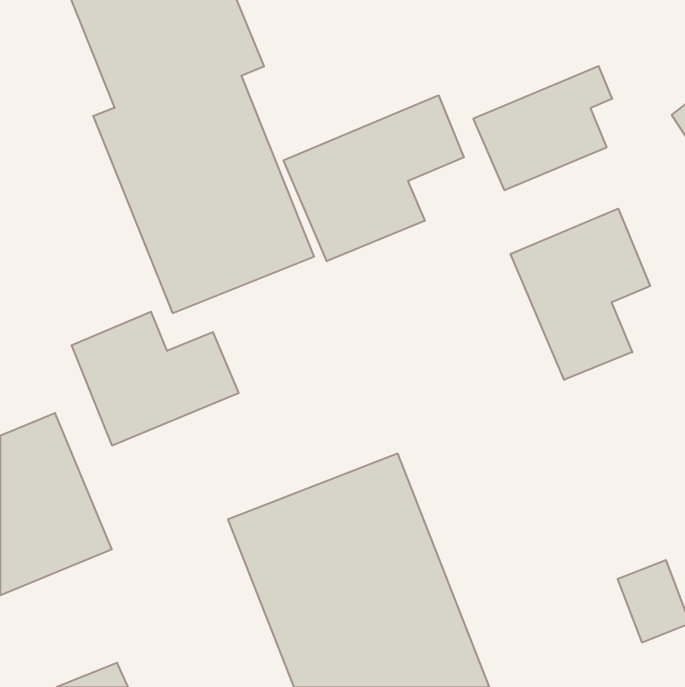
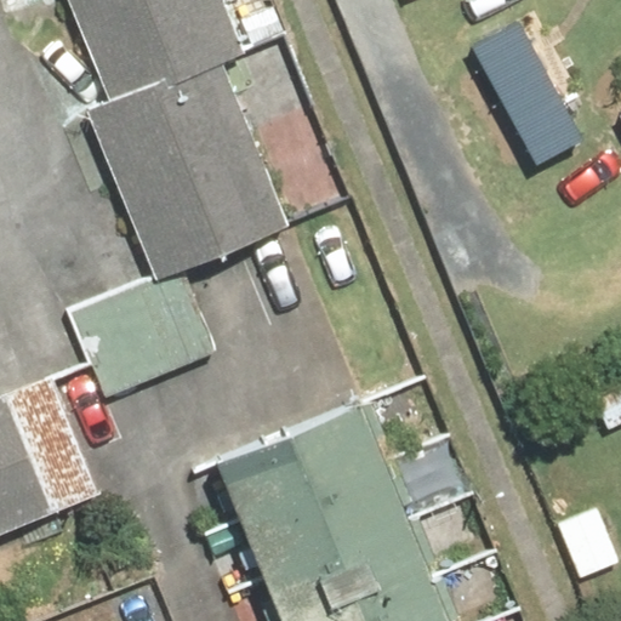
building: [284,95,464,261] -> none
building: [511,209,650,380] -> none

